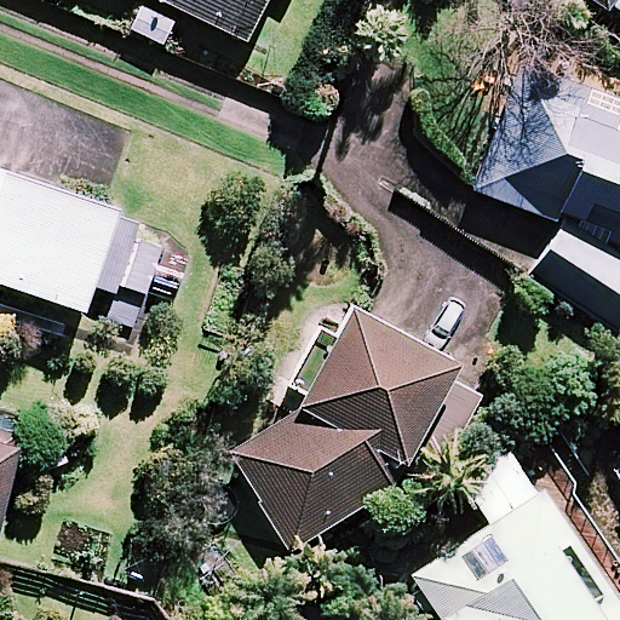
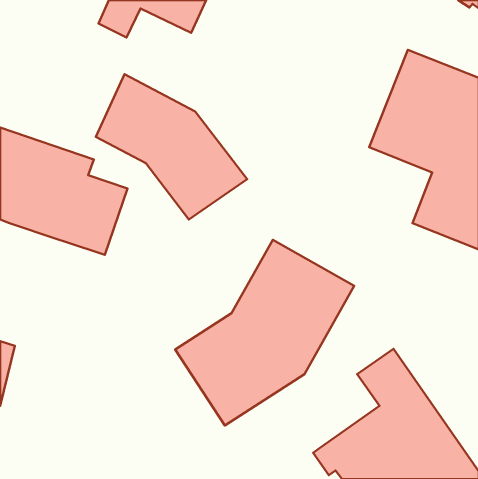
building: none -> [96,74,247,220]

